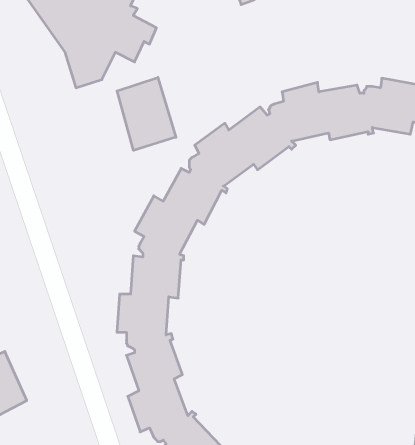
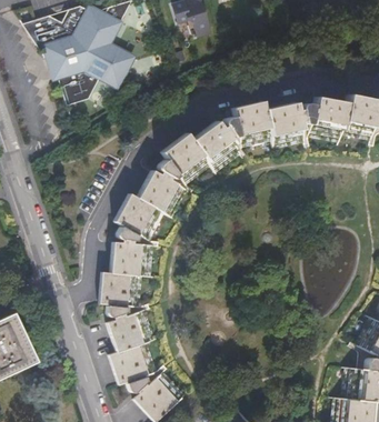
building: [117,77,176,150] -> none

